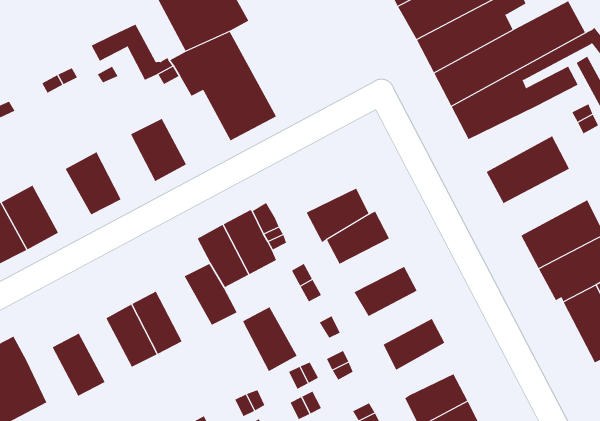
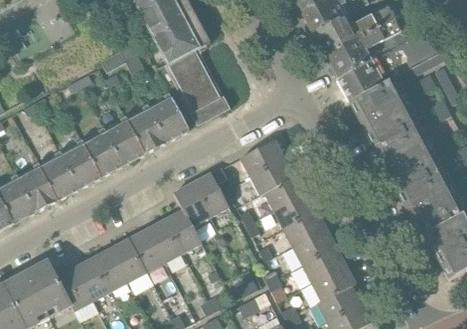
building: none -> [150,93,188,141]
building: none -> [361,101,419,146]
building: none -> [105,120,145,165]
building: none -> [240,139,284,174]
building: none -> [61,144,101,188]
building: none -> [385,144,443,190]
building: none -> [272,192,317,229]
building: none -> [292,228,336,265]
building: [242,306,297,372] -> [146,218,184,263]
building: none -> [93,247,129,291]
building: none -> [311,264,355,300]
building: none -> [57,267,92,310]

